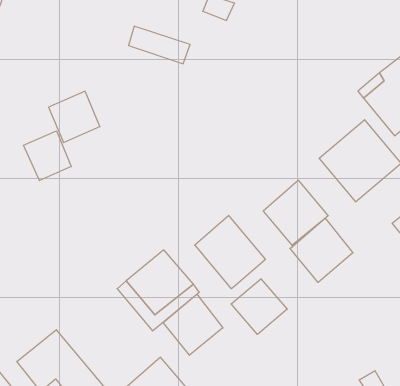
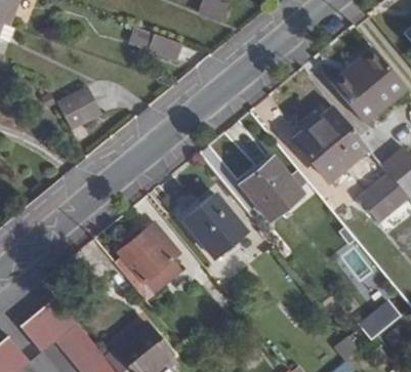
building: [23,131,71,181] -> none
building: [290,218,353,282] -> none
building: [231,279,287,334] -> none
building: [163,294,223,355] -> none

